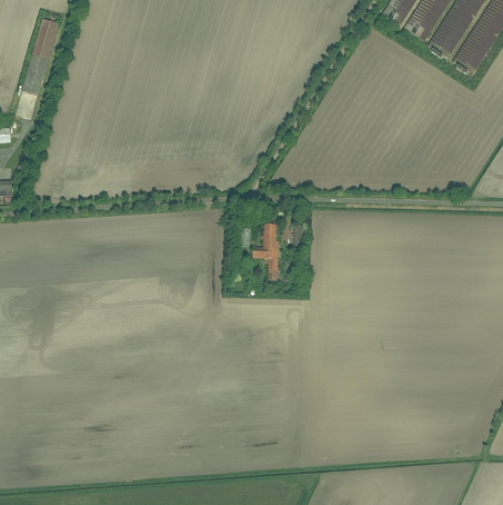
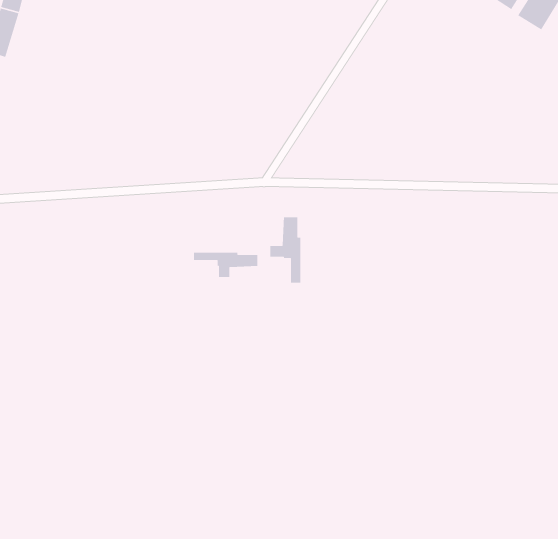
building: none -> [193,252,258,278]

